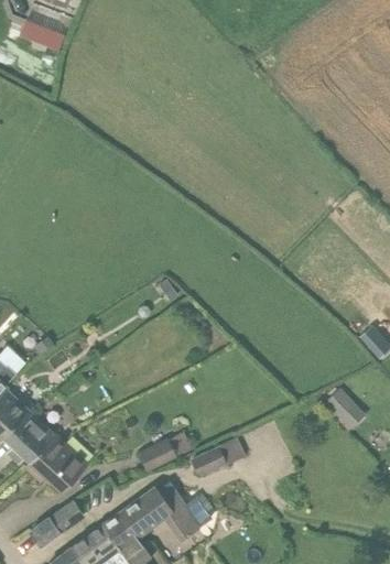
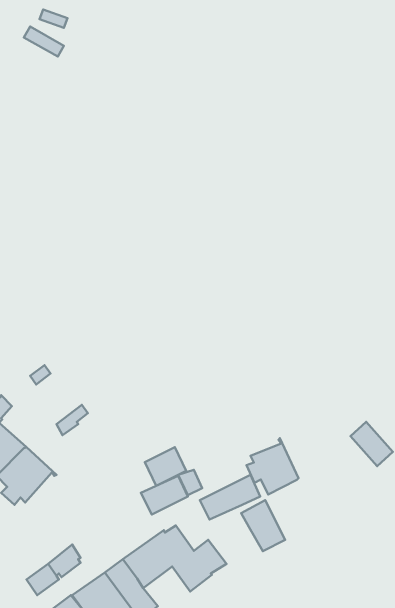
building: none -> [246,438,298,494]
building: none -> [145,447,186,486]
building: [24,435,88,494] -> none
building: none -> [241,500,285,551]

